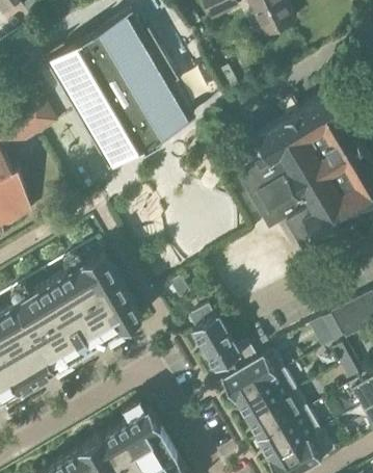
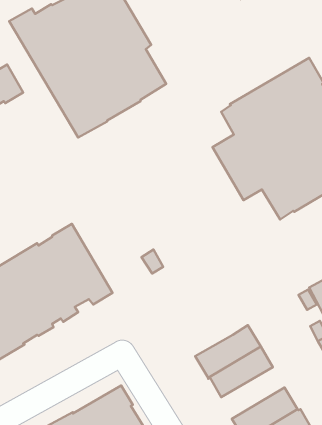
building: [189,306,258,375] -> none
building: [246,390,308,440] -> none

